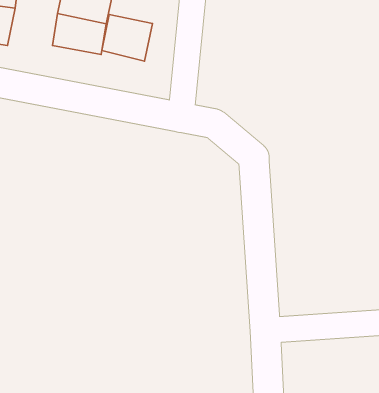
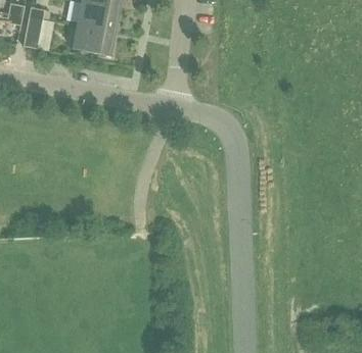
building: [102,14,152,61] -> none

